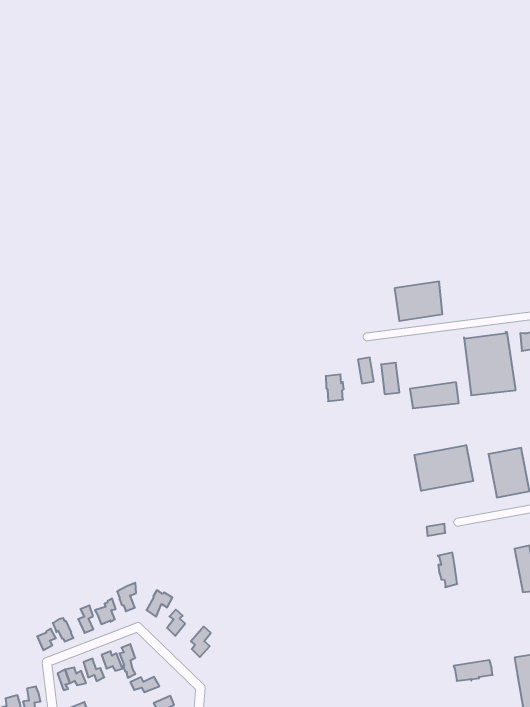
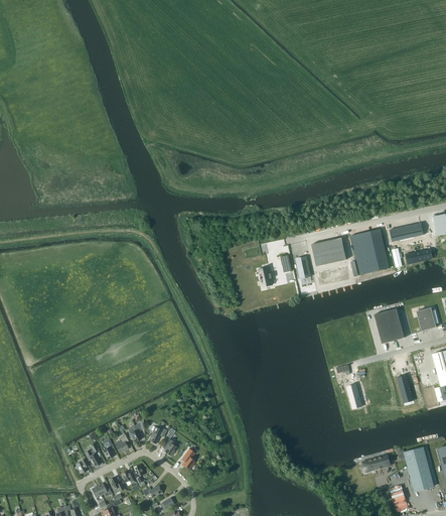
building: [395,282,442,321] -> [310,237,344,266]
building: [414,445,473,491] -> none

